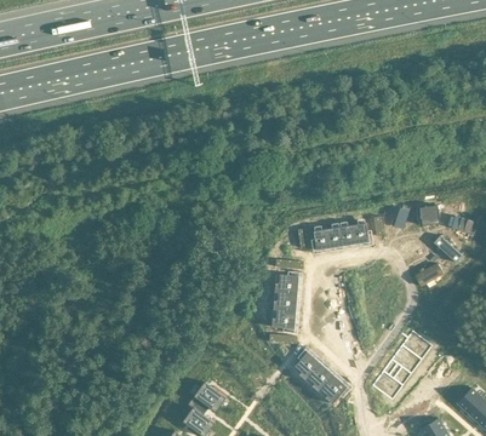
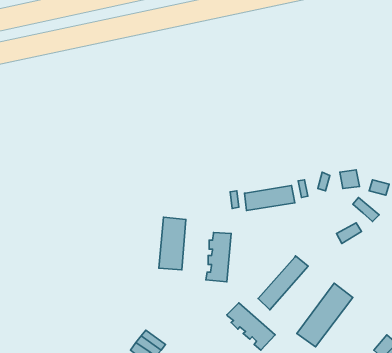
building: none -> [159,217,186,270]
building: none -> [258,256,308,310]

